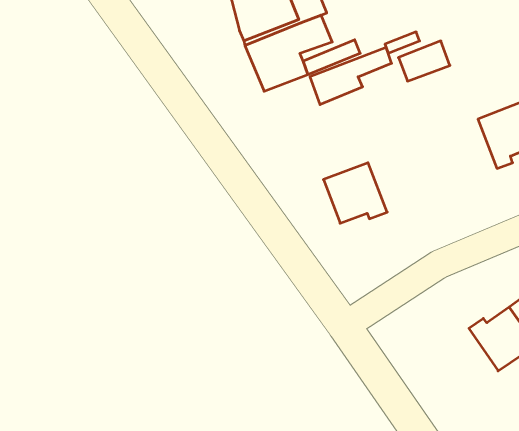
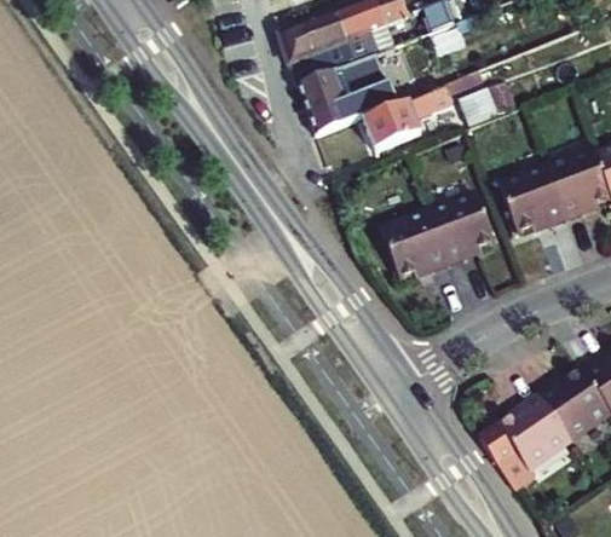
building: none -> [498,164,569,231]
building: none -> [430,194,495,265]
building: none -> [482,391,570,489]

